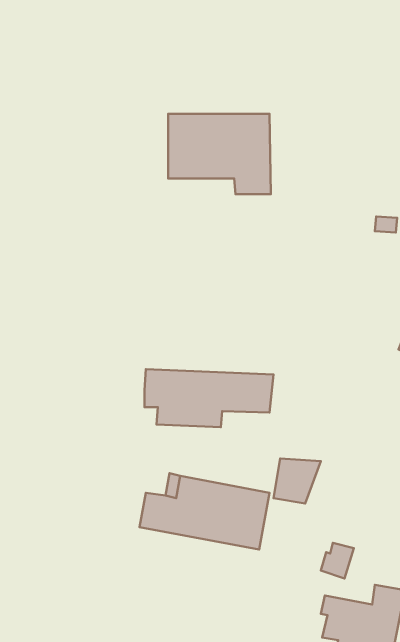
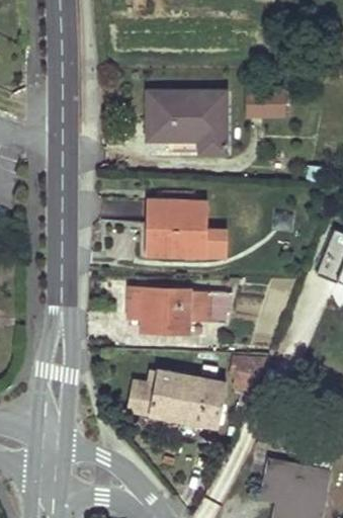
building: none -> [245,90,286,117]
building: none -> [147,200,228,255]

